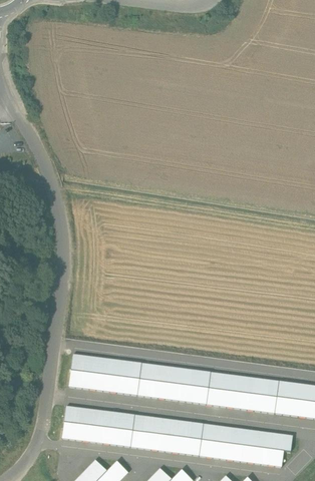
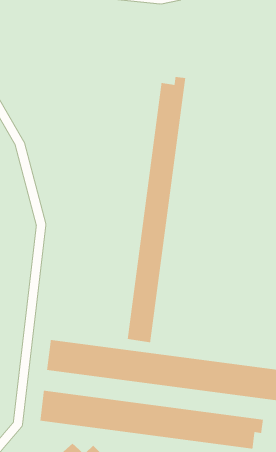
building: none -> [127,76,186,343]

